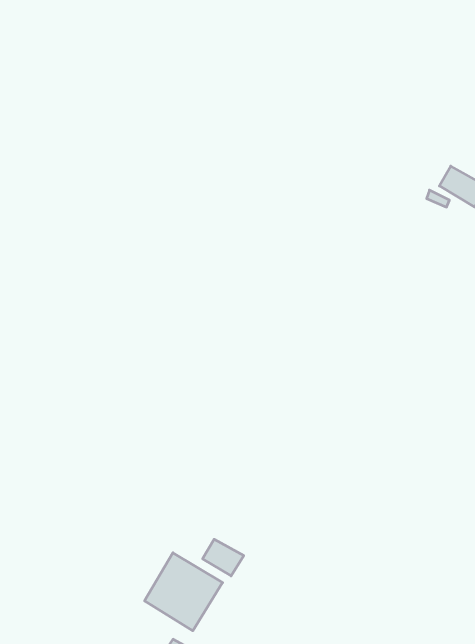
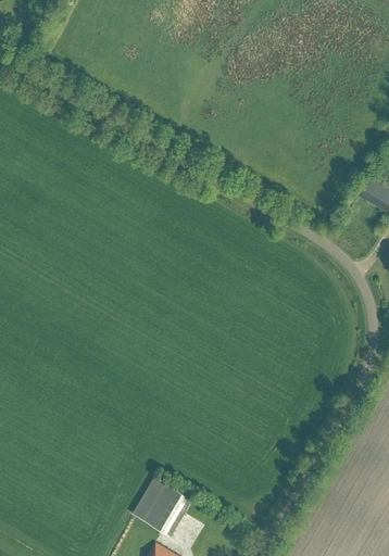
building: [203,539,244,576] -> none

